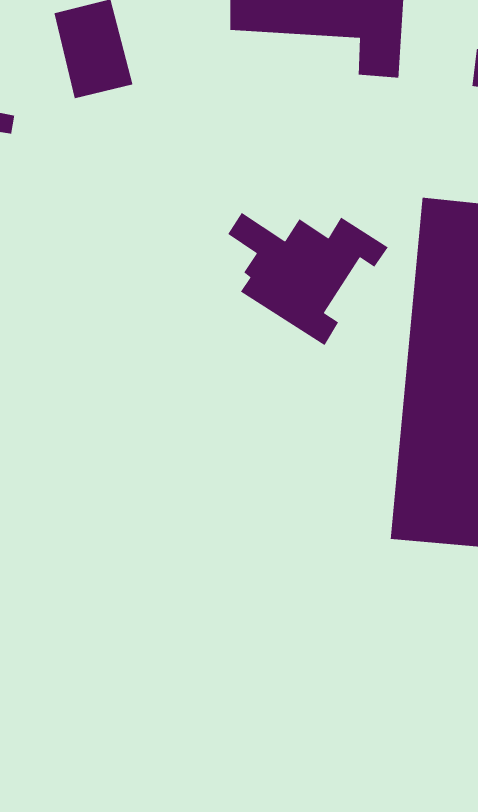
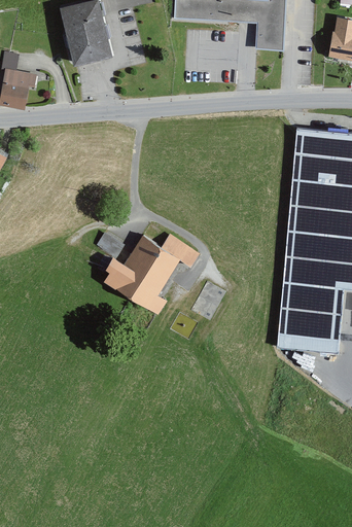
building: [227,212,389,346] -> [95,231,199,317]

